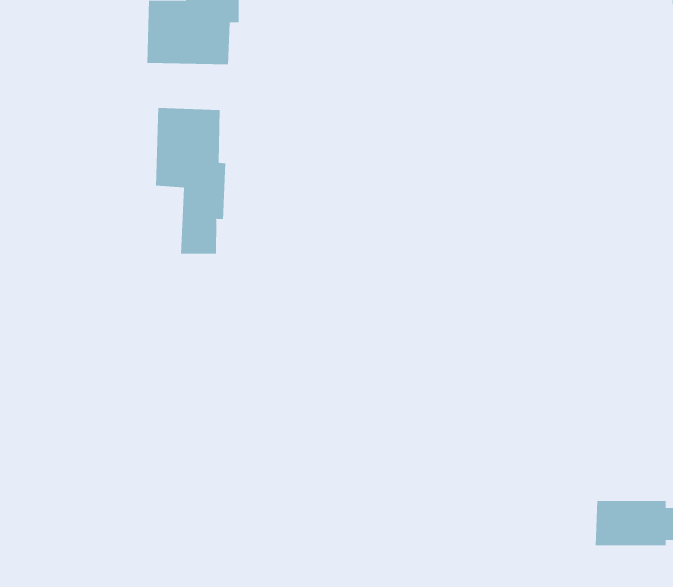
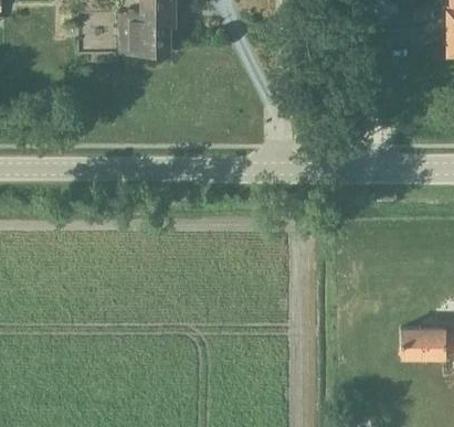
building: [155,107,226,255] -> none

